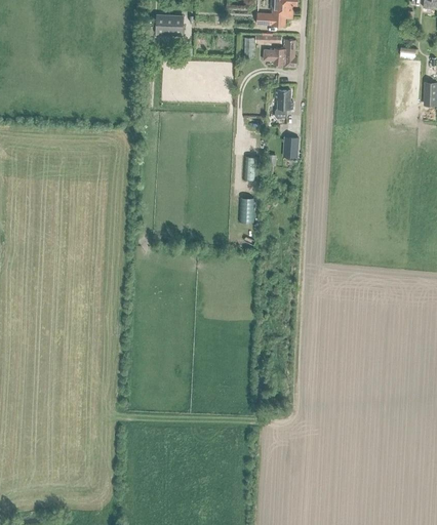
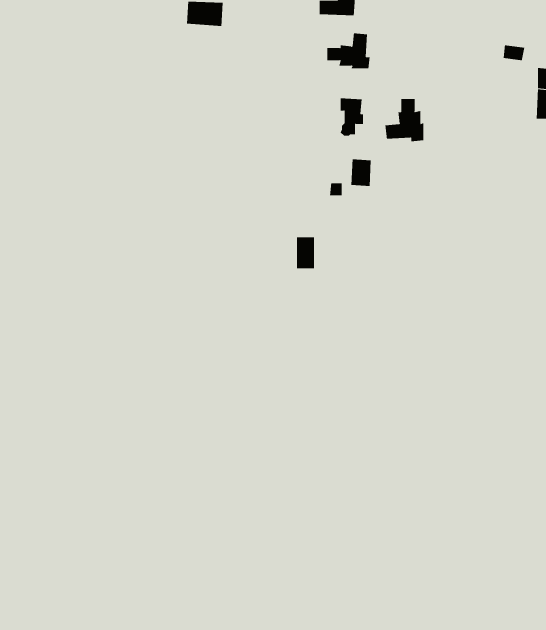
building: none -> [385,98,424,142]

